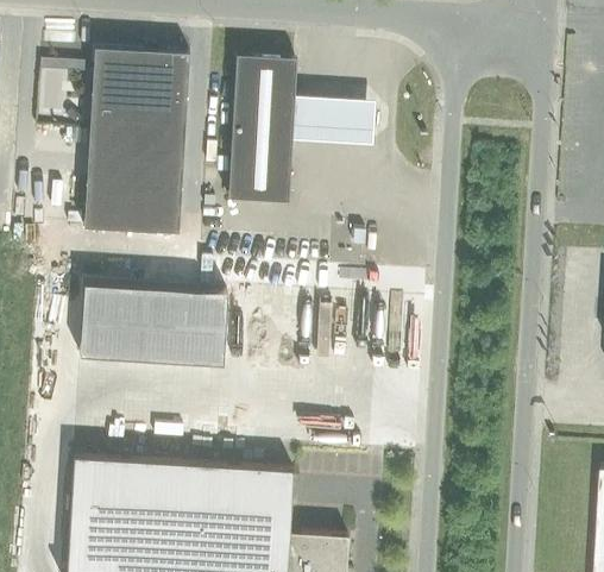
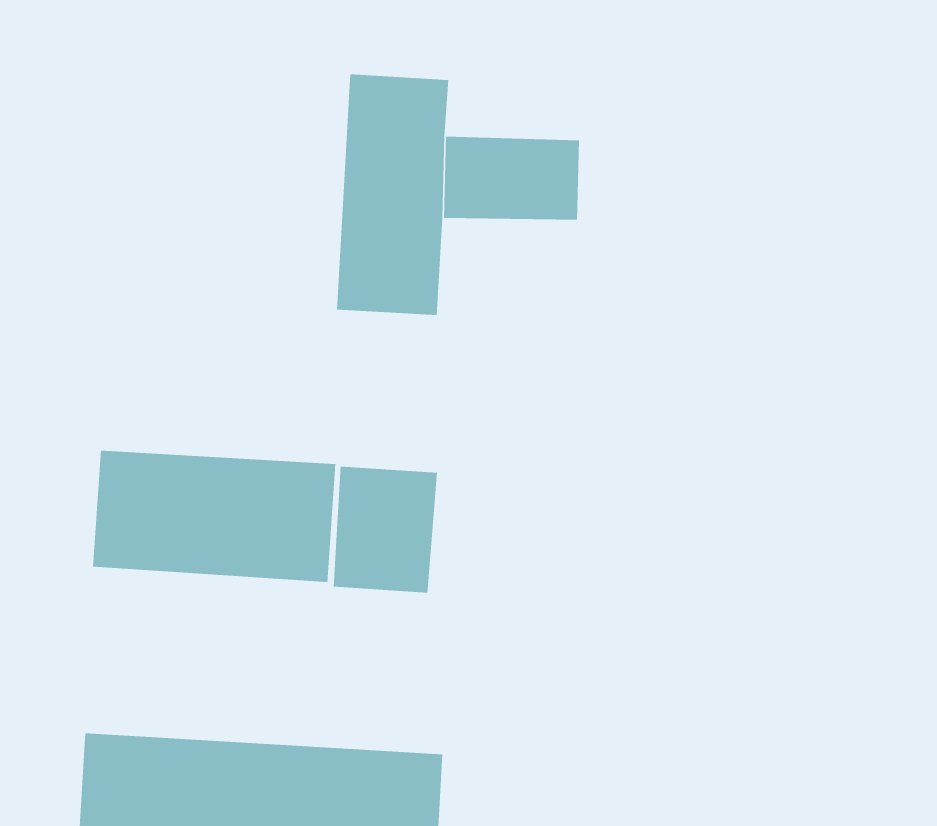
building: [84,49,190,233] -> none
building: none -> [333,466,437,593]

